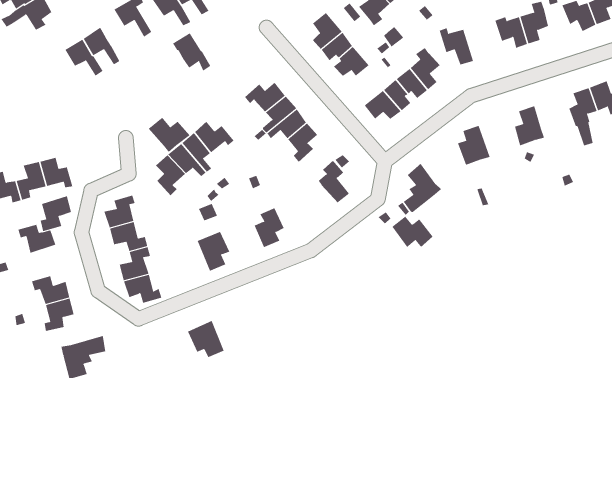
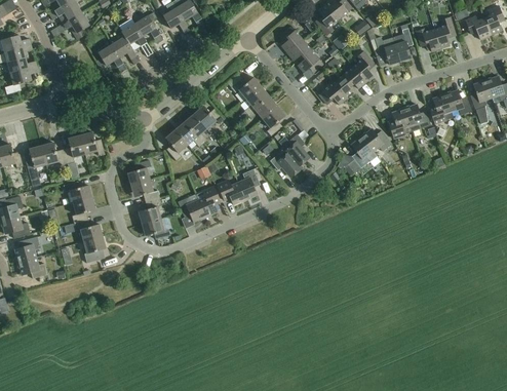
building: none -> [392,28,413,61]
building: [172,32,211,71] -> [120,23,149,51]
building: none -> [444,89,471,114]
building: [148,117,190,153] -> none
building: none -> [403,104,430,131]
building: none -> [269,152,301,177]
building: [40,195,72,232] -> [71,196,94,223]
building: [392,216,433,248] -> [360,127,391,151]
building: none -> [217,179,244,203]
building: [187,320,225,358] -> [177,193,204,221]
building: [61,335,106,379] -> none

